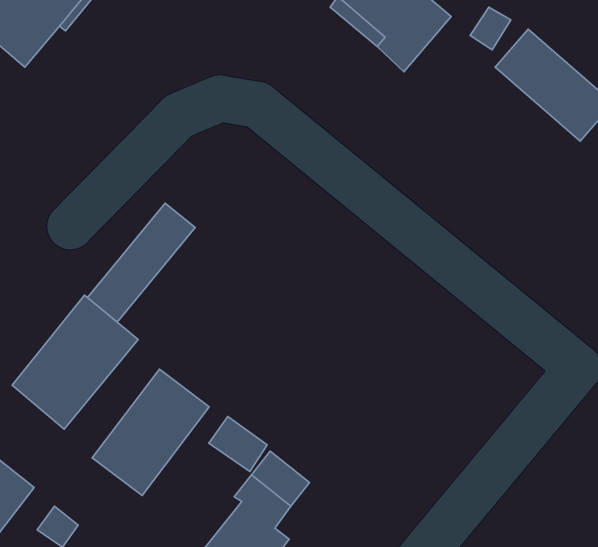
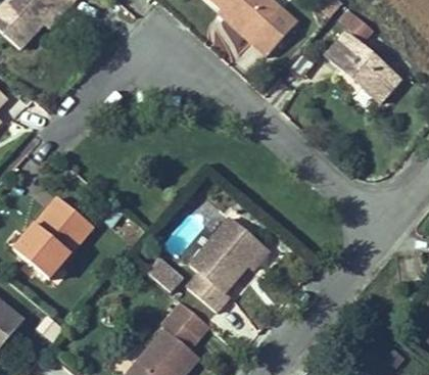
building: [87,203,195,322] -> none
building: none -> [192,214,263,304]
building: [92,369,209,495] -> none

